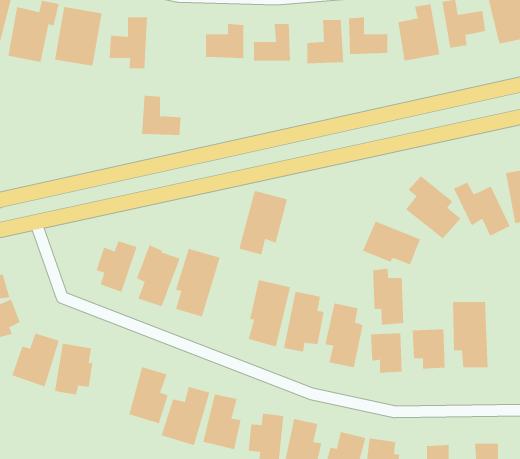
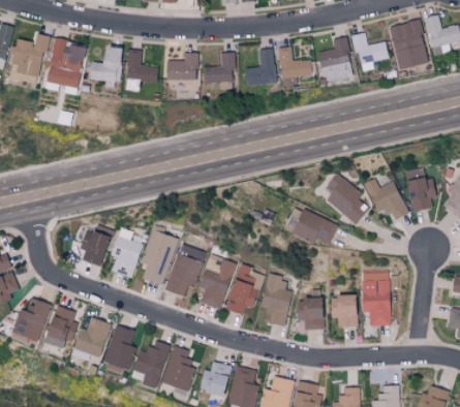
building: [141,95,181,135] -> [125,49,157,81]
building: [238,190,288,255] -> [166,244,206,295]
building: [373,268,404,325] -> none
building: none -> [73,317,111,356]

